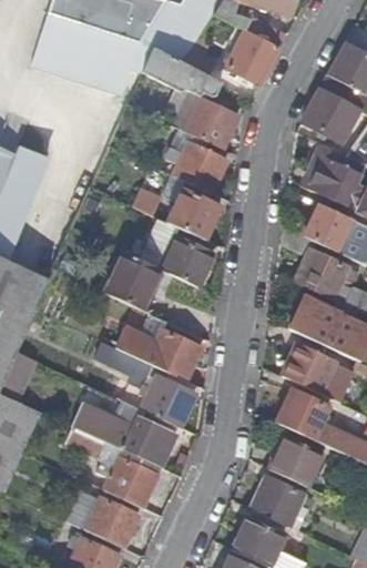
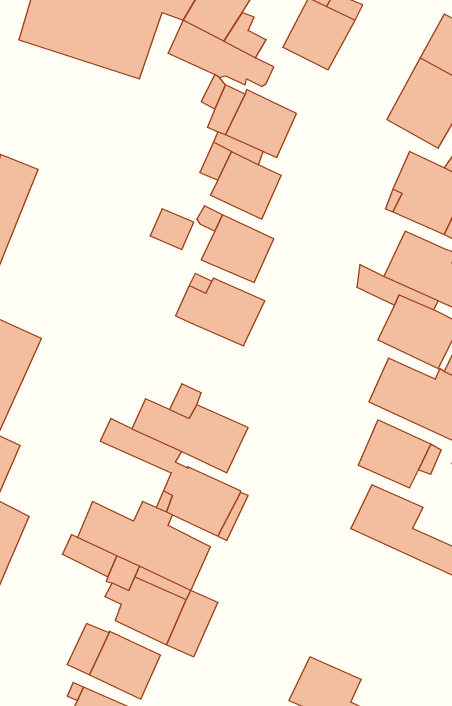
building: [105,253,161,311] -> none
building: [269,435,322,485] -> none
building: [251,475,309,529] -> none

